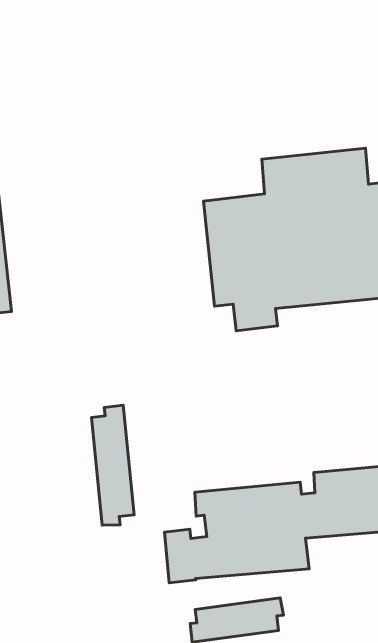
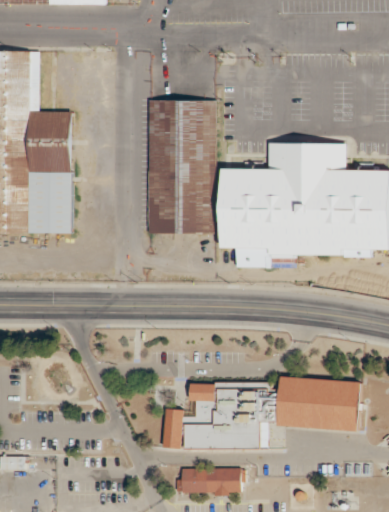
building: none -> [147,100,214,233]
building: [92,405,134,525] -> none

